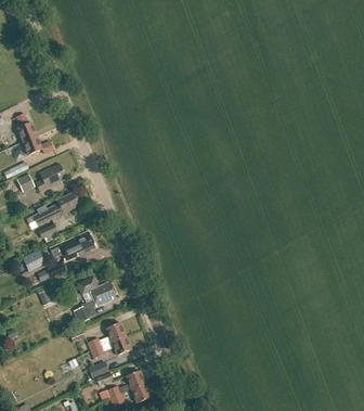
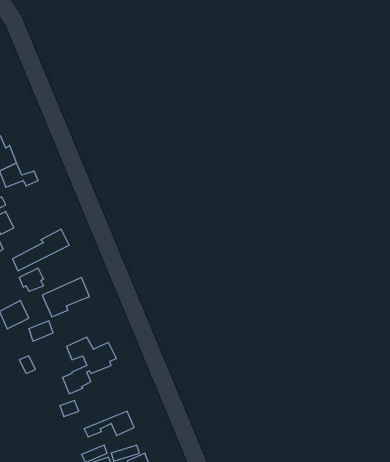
building: [36,166,65,191] -> none
building: [88,322,126,350] -> none

